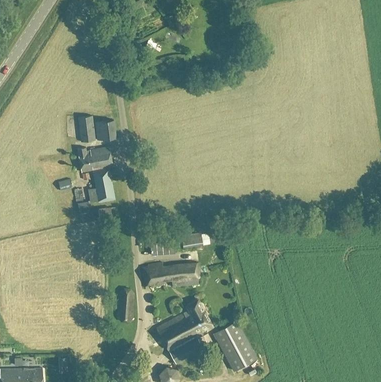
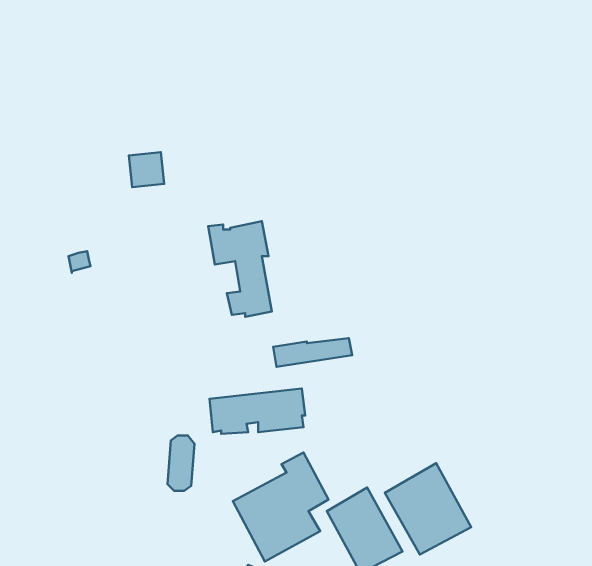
building: [77,116,94,142] -> none
building: [76,146,114,203] -> [208,221,272,317]
building: none -> [385,463,471,554]

